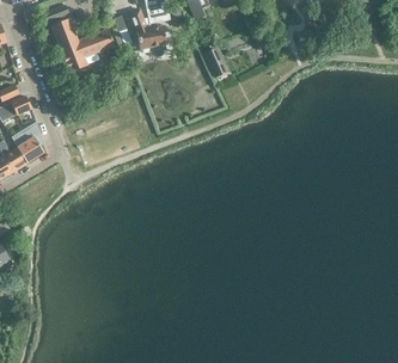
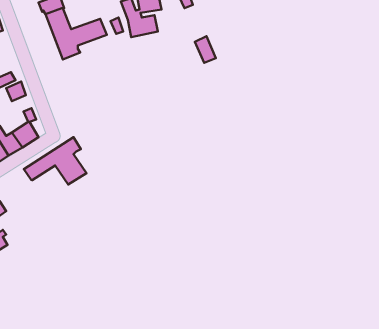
building: none -> [24,137,87,184]

